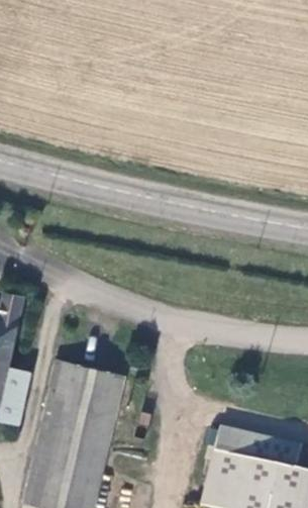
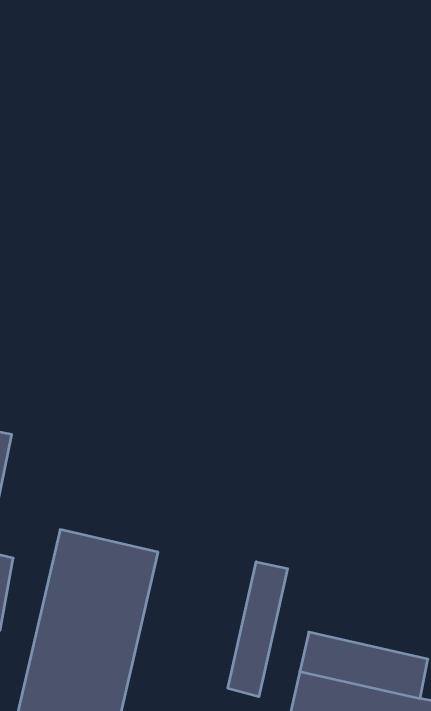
building: none -> [228,562,288,697]

